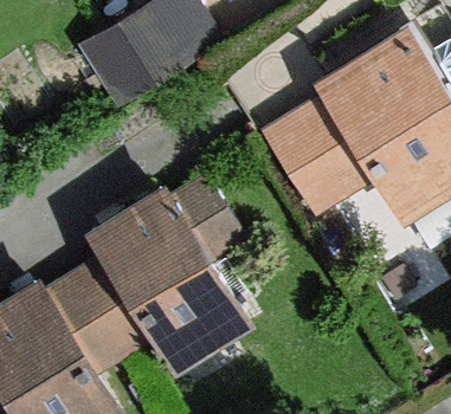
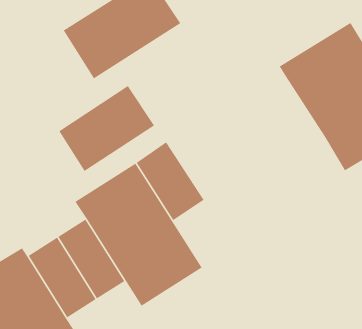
building: [265,98,374,207] -> none
building: none -> [59,85,155,172]

